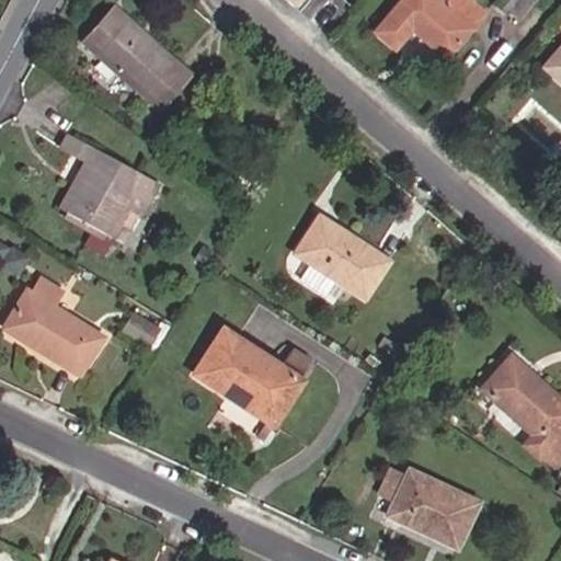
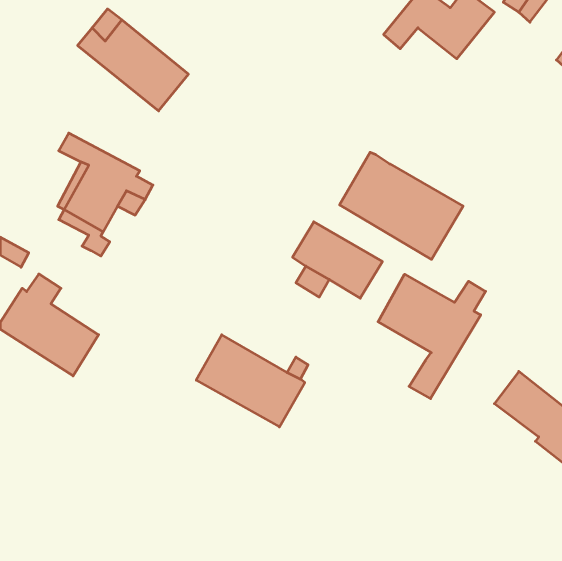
building: none -> [340,152,463,259]
building: none -> [378,274,486,399]
building: [382,465,469,546] -> none

